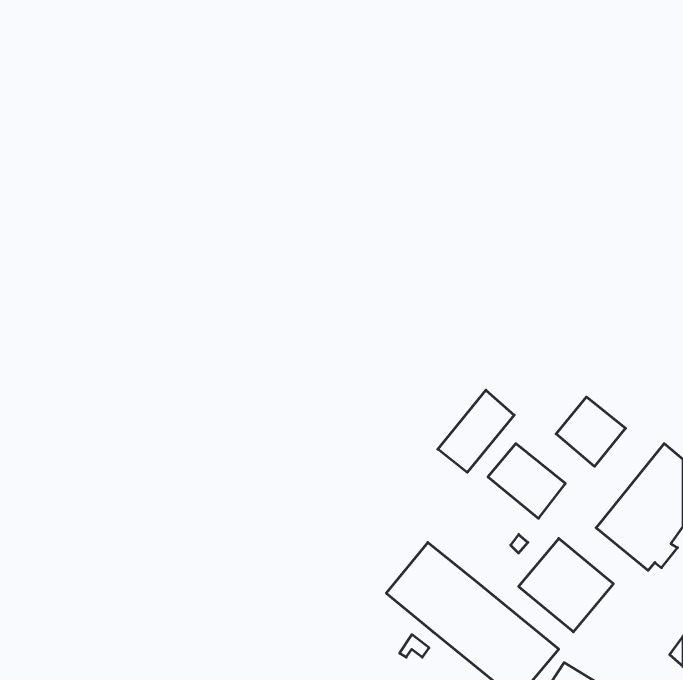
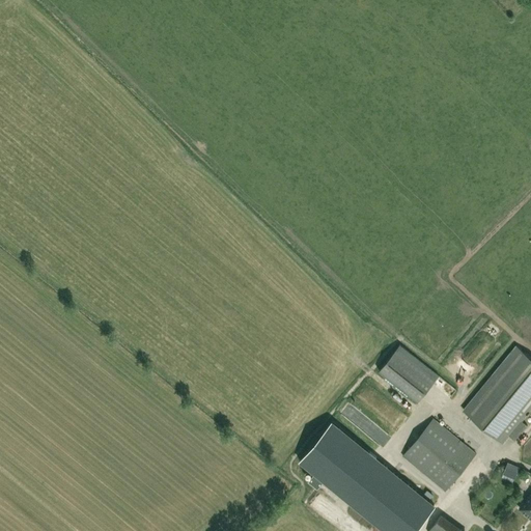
building: [438,390,514,472] -> none
building: [556,397,626,466] -> none

